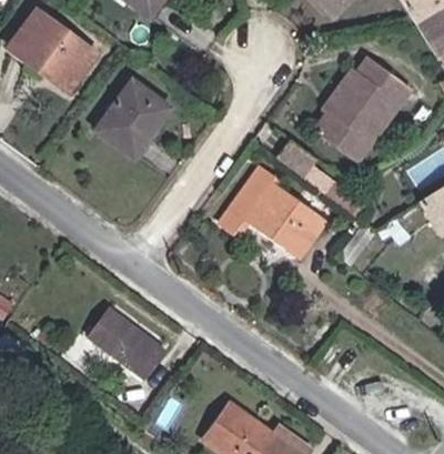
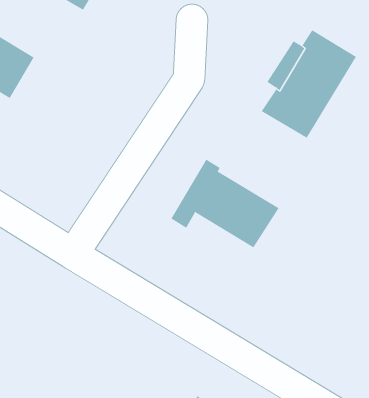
building: [91,81,168,160] -> none
building: [90,310,167,379] -> none

